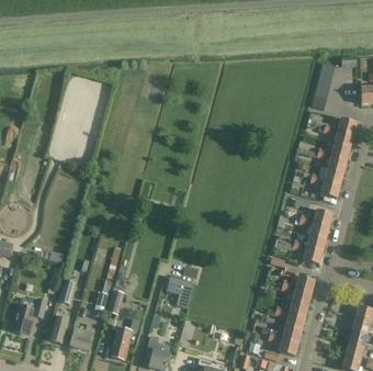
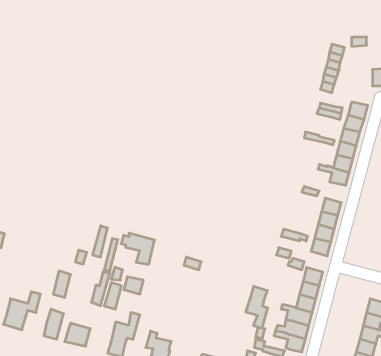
building: [161,277,193,306] -> [121,233,155,264]
building: none -> [246,286,268,328]

